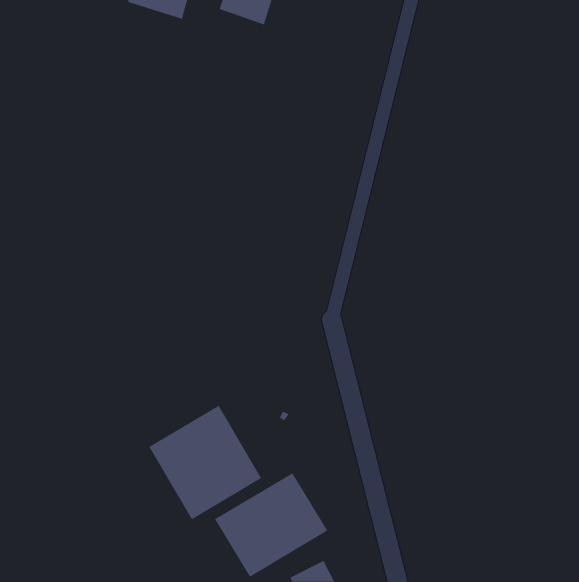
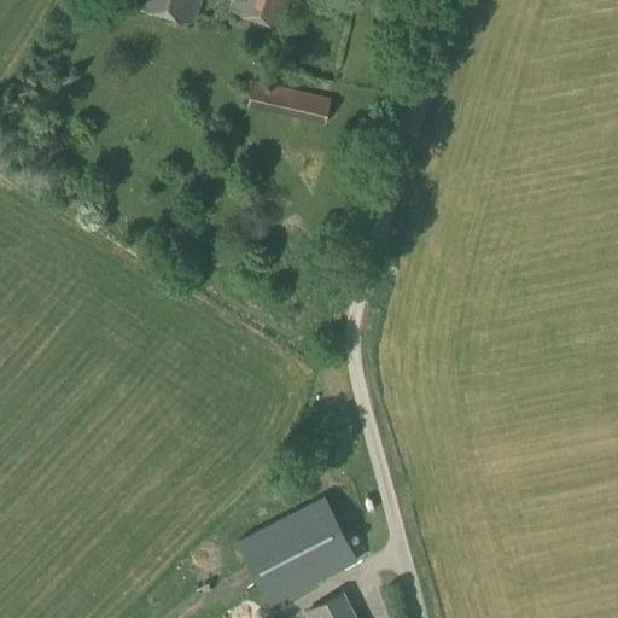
building: none -> [249,78,336,127]
building: [149,405,262,520] -> none

